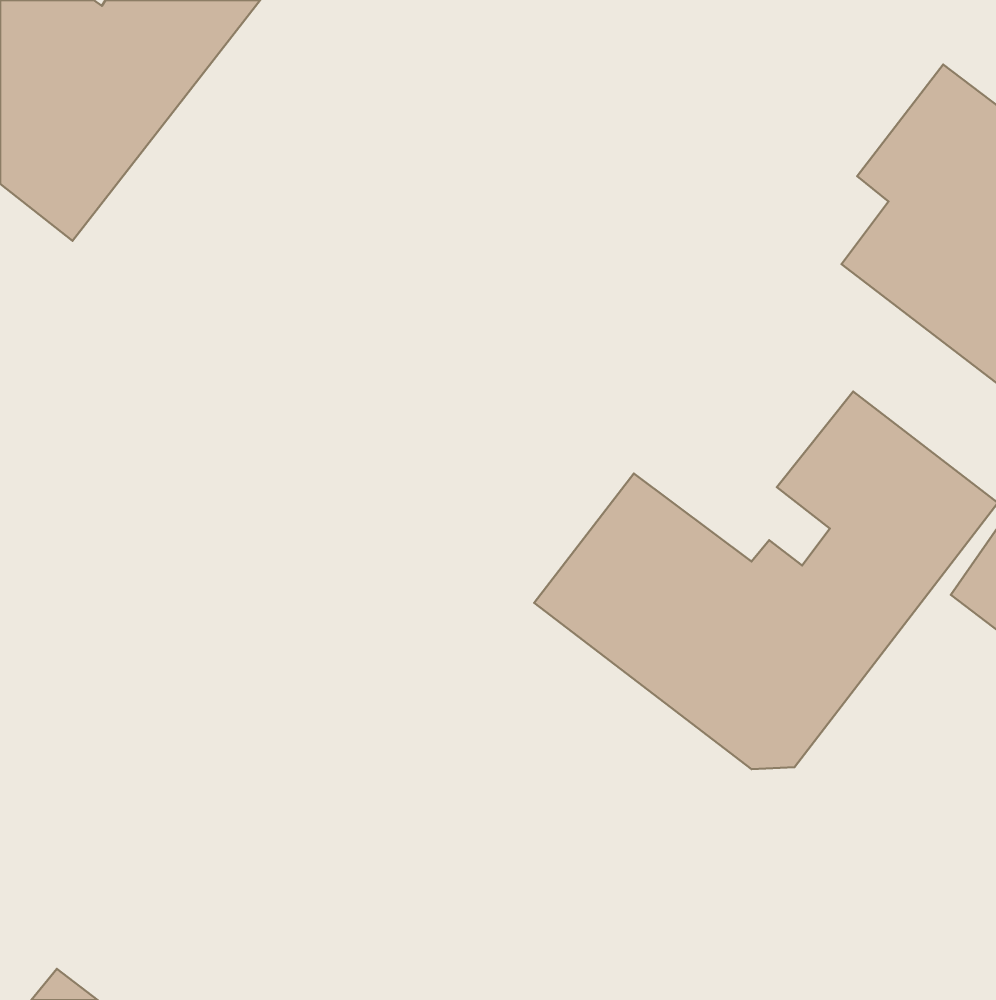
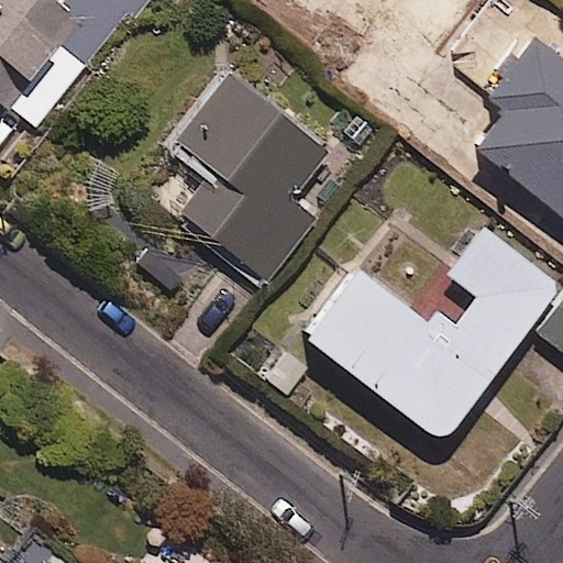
building: none -> [167,66,329,283]

